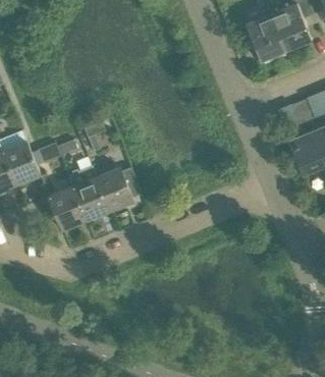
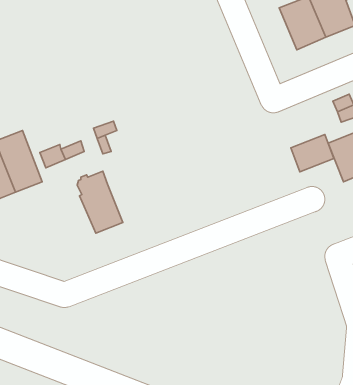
building: none -> [291,134,334,172]
building: [96,168,141,212] -> none
building: [48,188,86,231] -> none

